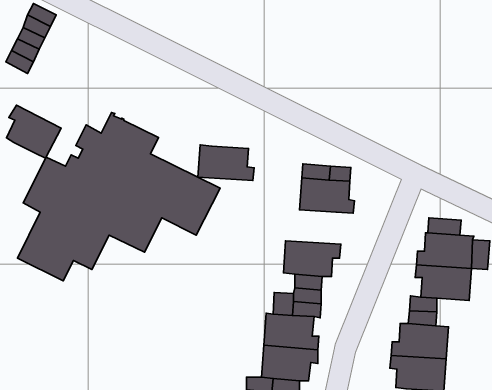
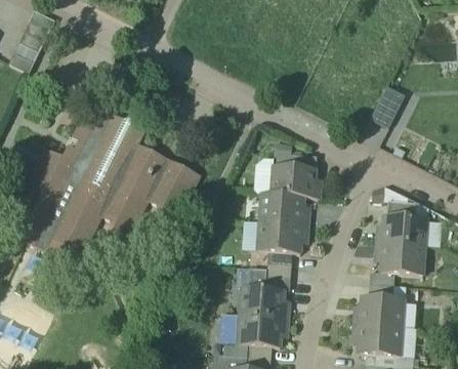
building: none -> [372,86,404,125]
building: [7,105,61,158] -> none
building: [198,145,254,181] -> [259,193,309,224]

